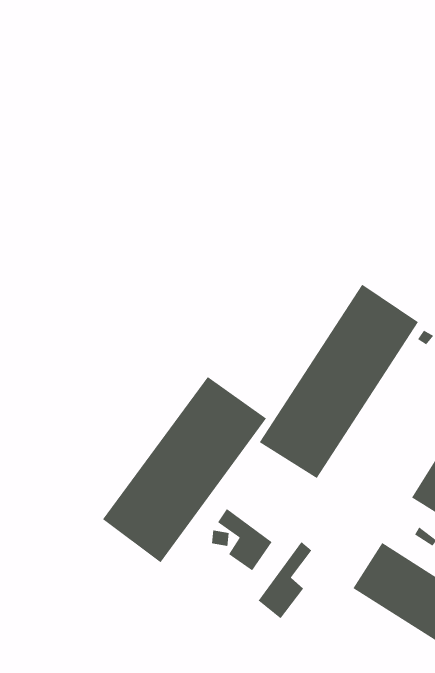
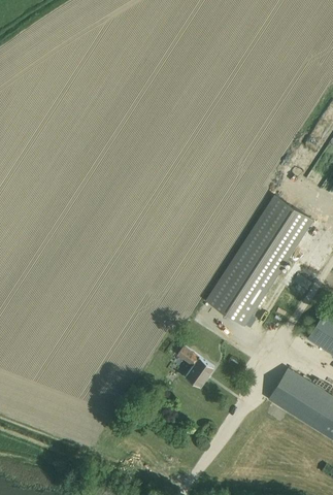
building: [102,376,267,563] -> none
building: [258,541,312,619] -> none

